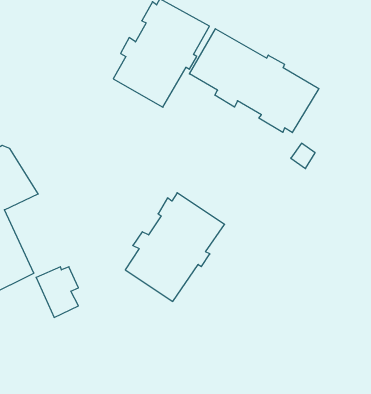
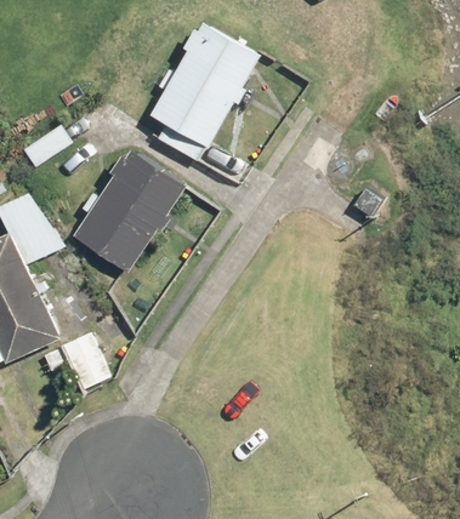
building: [189,29,319,133] -> none
building: [125,193,225,301] -> [72,148,186,273]

